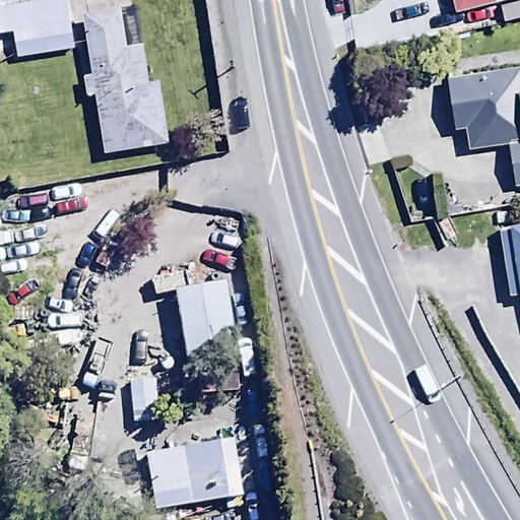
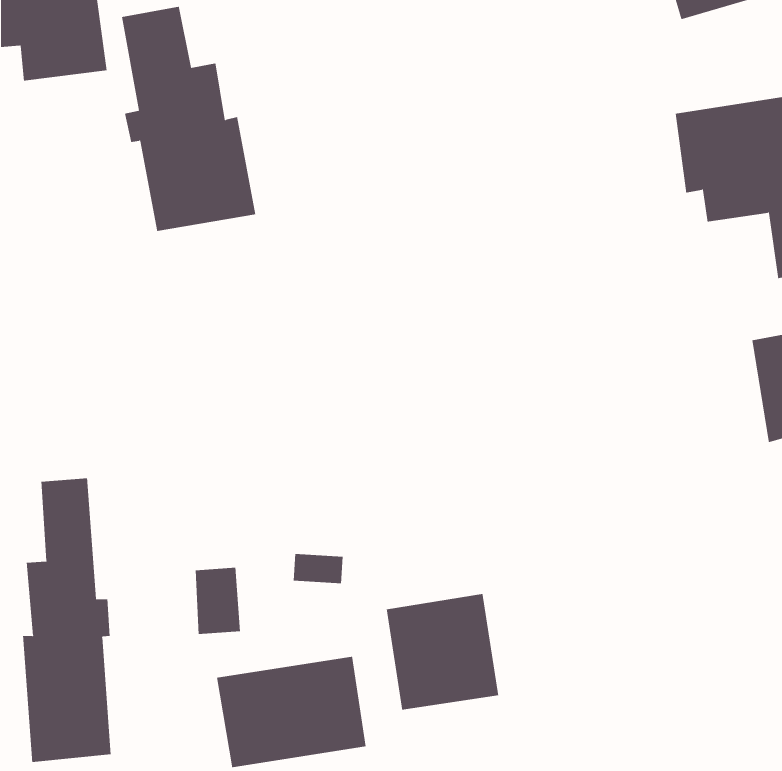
building: [175,279,240,363] -> none
building: none -> [23,477,111,763]
building: none -> [386,593,499,710]

